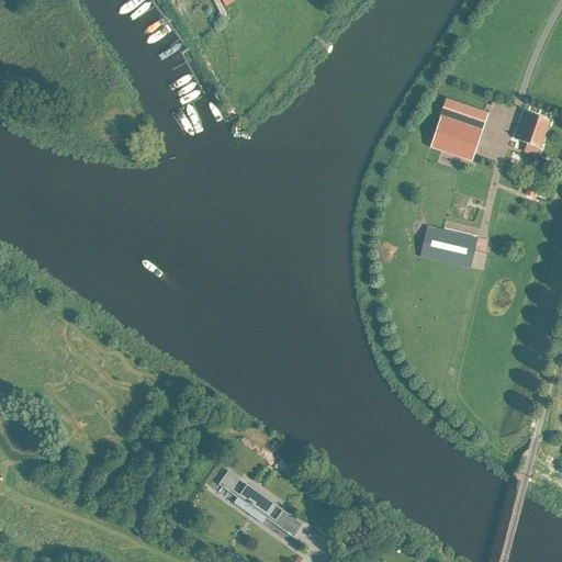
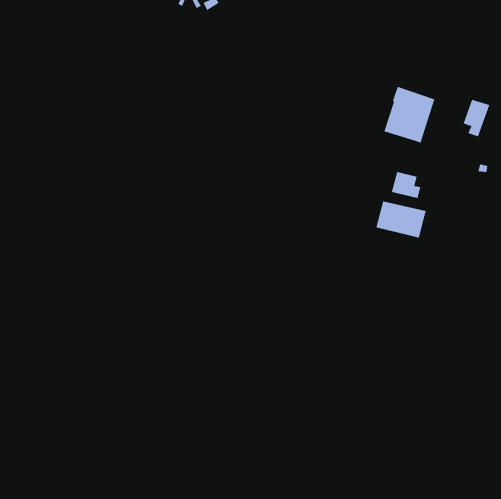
building: none -> [391,171,421,199]
building: [218,469,303,536] -> none

